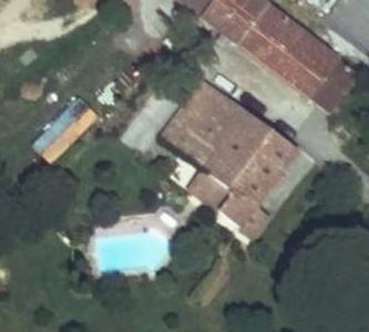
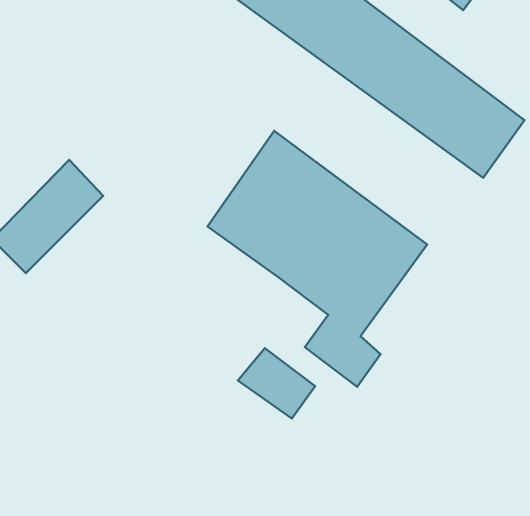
building: [189,170,237,214] -> [238,348,315,418]

